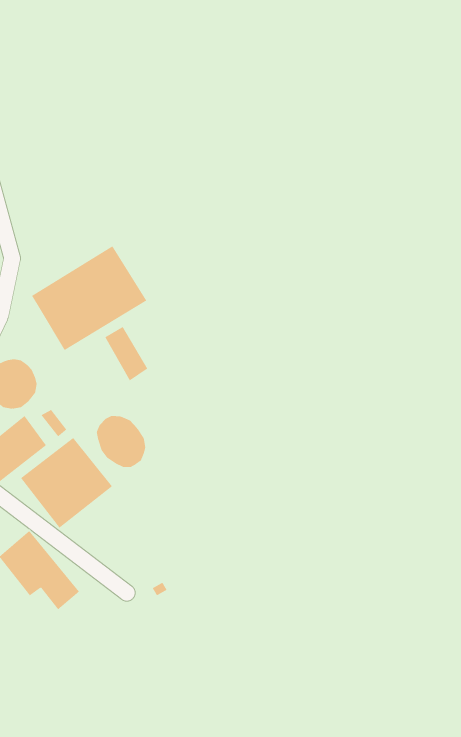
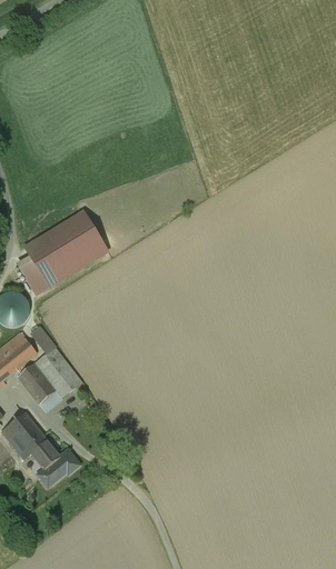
building: [104,326,148,381] -> [18,256,49,295]
building: [96,415,146,468] -> none
building: none -> [38,449,80,485]

